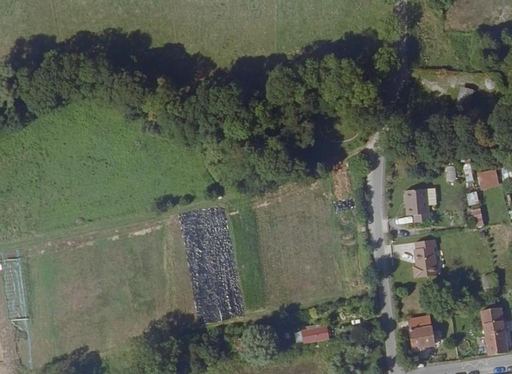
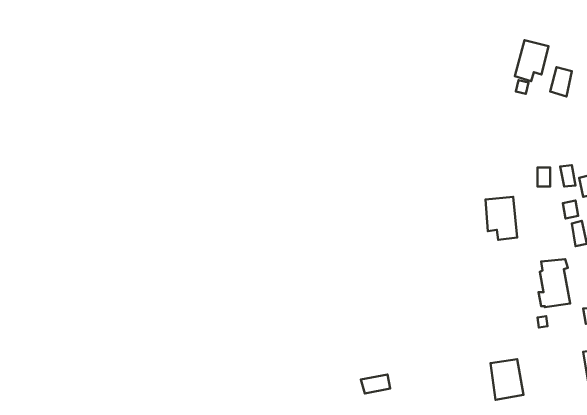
building: none -> [515,40,548,81]
building: [413,239,438,277] -> [539,259,570,307]

